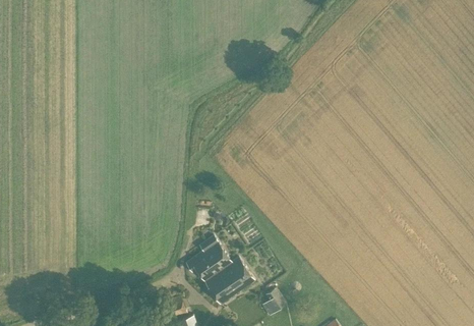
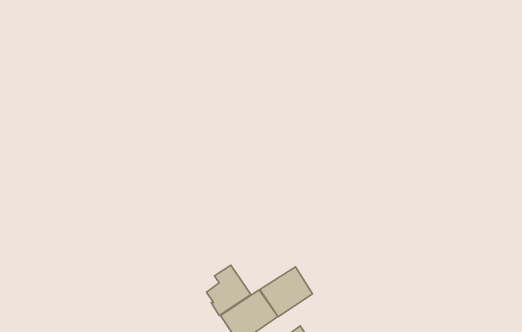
building: none -> [260,267,313,317]

